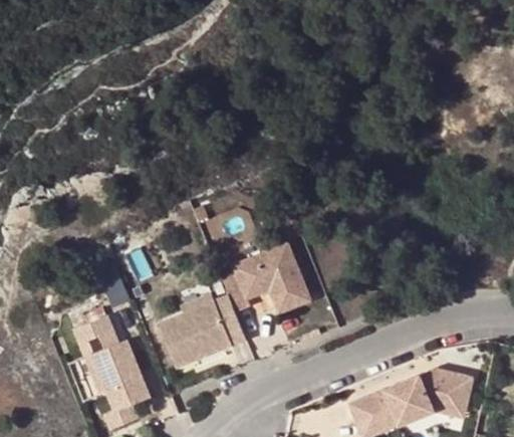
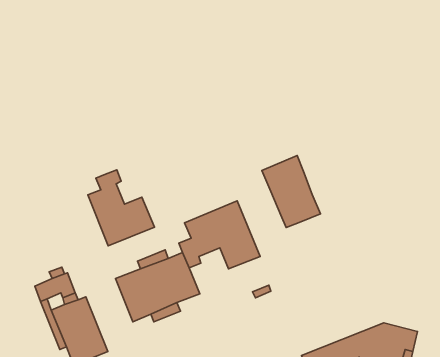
building: none -> [262,156,321,228]
building: none -> [88,170,155,246]

